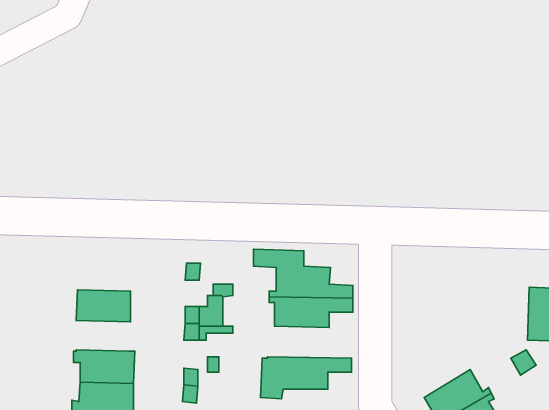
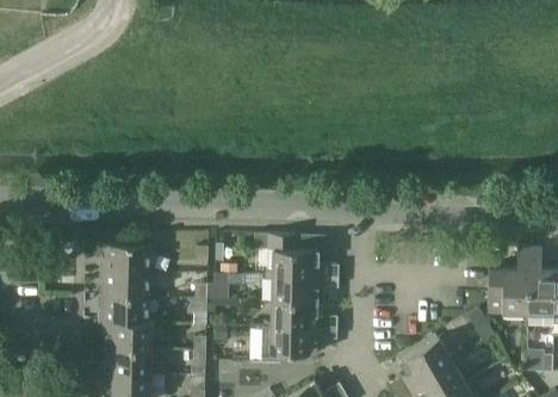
building: none -> [104,244,150,271]
building: none -> [103,296,149,322]
building: none -> [266,300,337,328]

